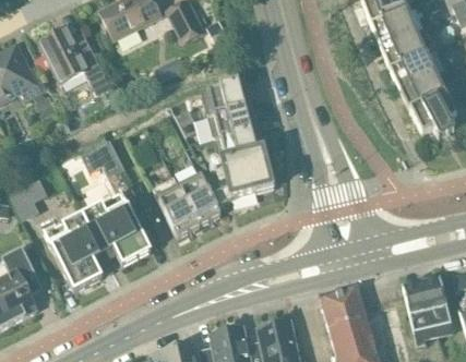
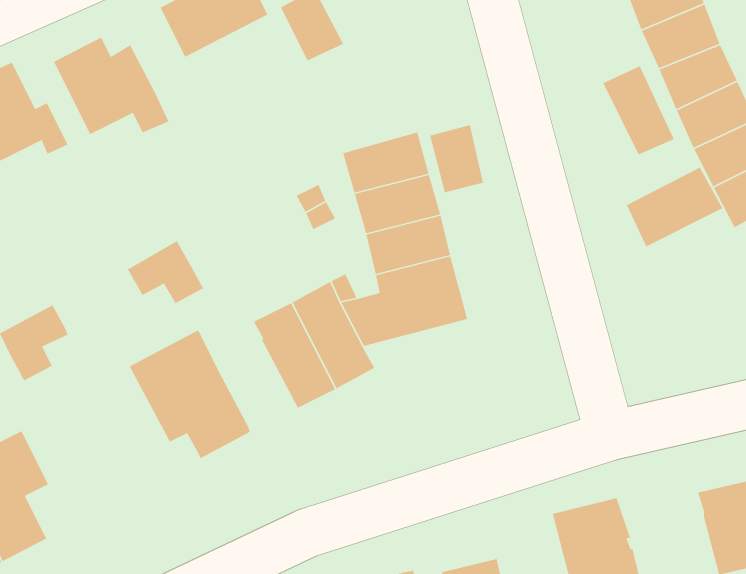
building: none -> [602,65,675,156]
building: none -> [429,124,484,193]
building: none -> [626,166,724,247]
building: [44,212,107,290] -> none

